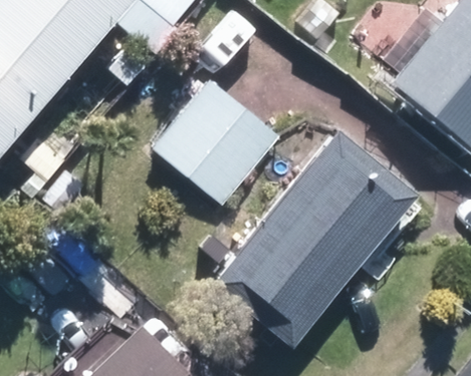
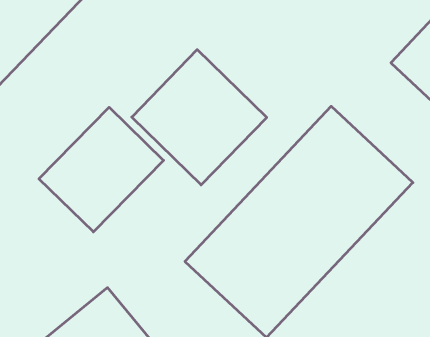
building: none -> [39,107,164,232]

